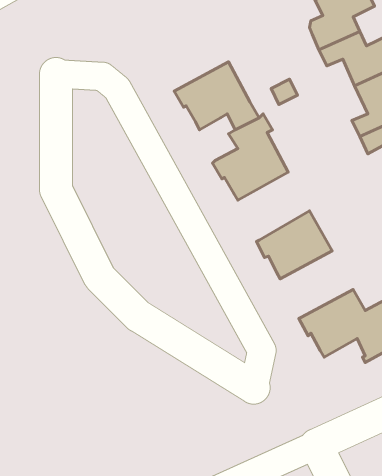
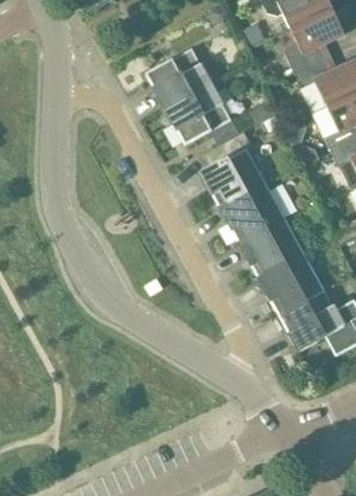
building: none -> [146,46,212,108]
building: none -> [218,182,285,243]
building: none -> [256,253,325,313]

